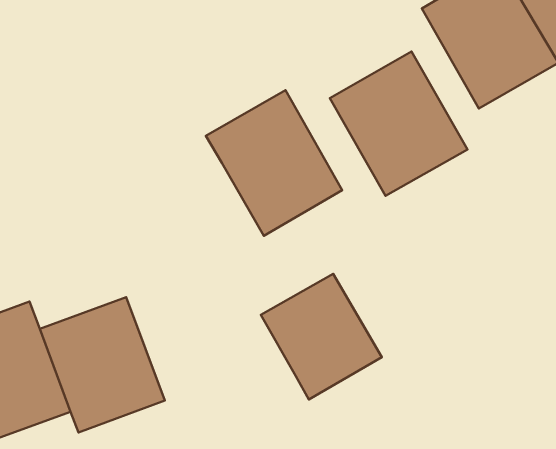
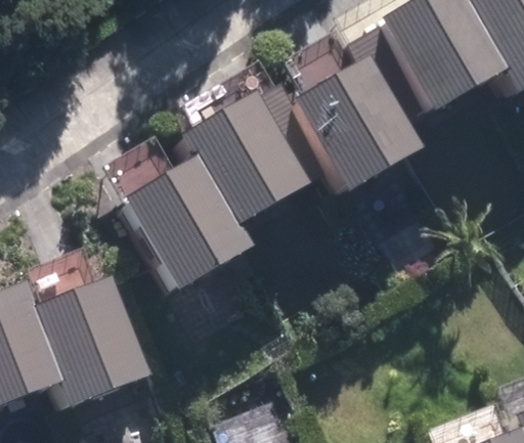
building: none -> [126,158,251,287]
building: [261,274,382,399] -> none

